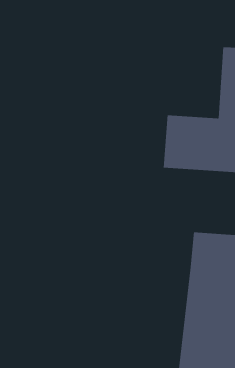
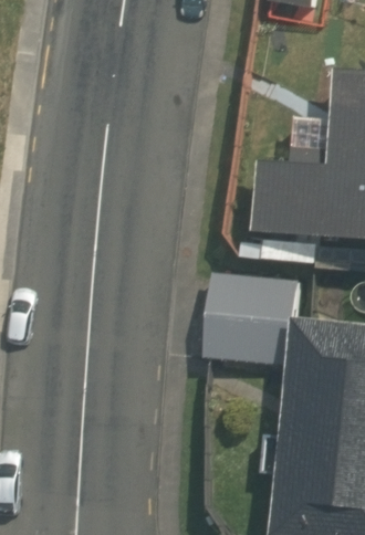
building: none -> [204,272,295,366]

